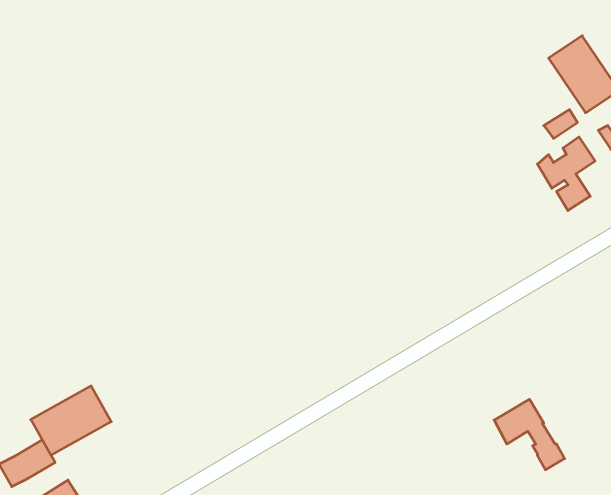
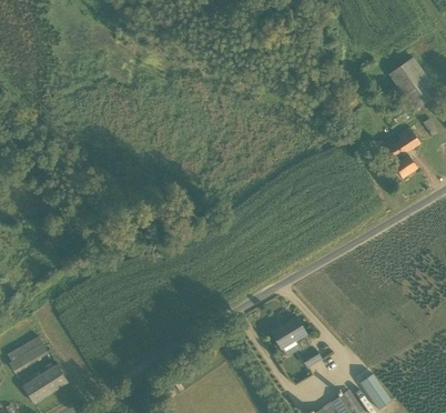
building: [31,386,111,455] -> none
building: [494,399,565,470] -> [272,318,321,366]

